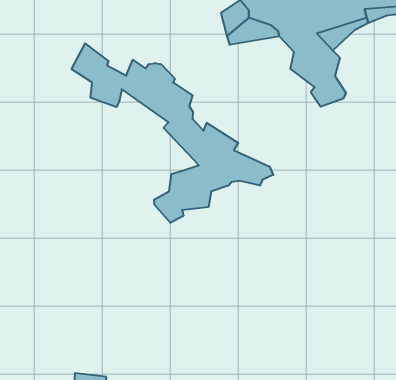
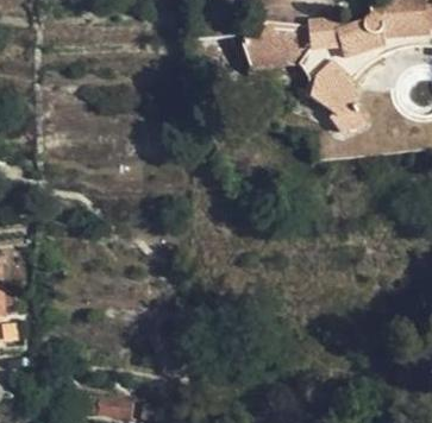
building: [72,43,273,223] -> none

